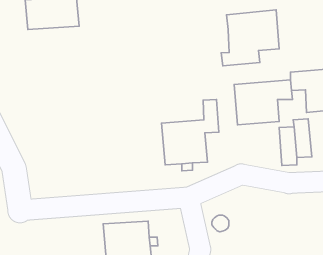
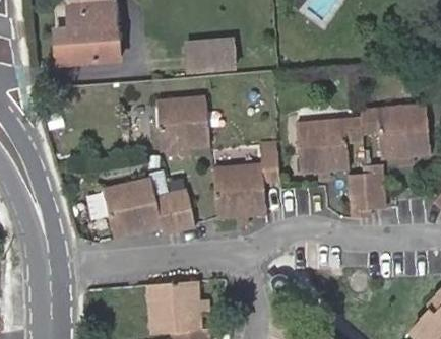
building: none -> [185,36,239,71]
building: [221,10,279,66] -> none
building: none -> [156,96,210,156]
building: none -> [104,180,194,239]

